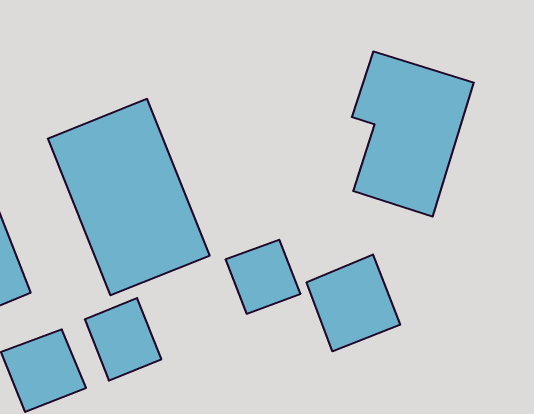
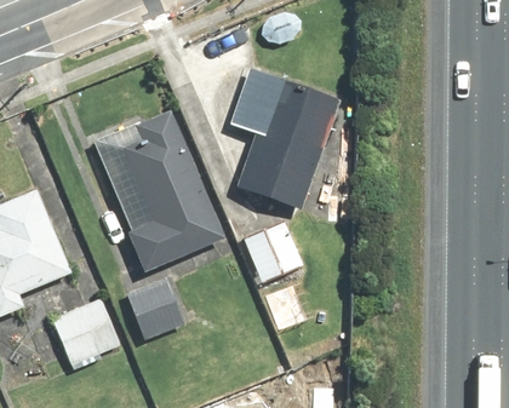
building: [352,52,474,217] -> [233,67,337,207]
building: [307,254,400,351] -> none

